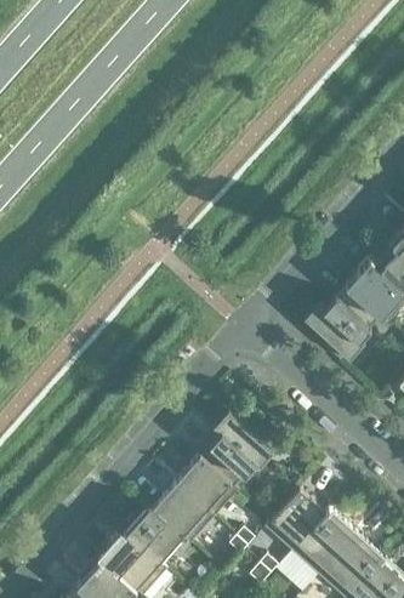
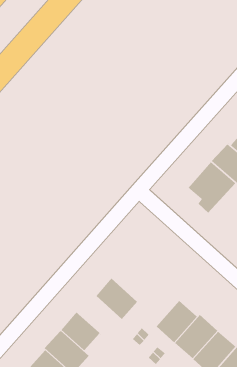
building: [198,417,274,491] -> none
building: [147,483,214,543] -> none

